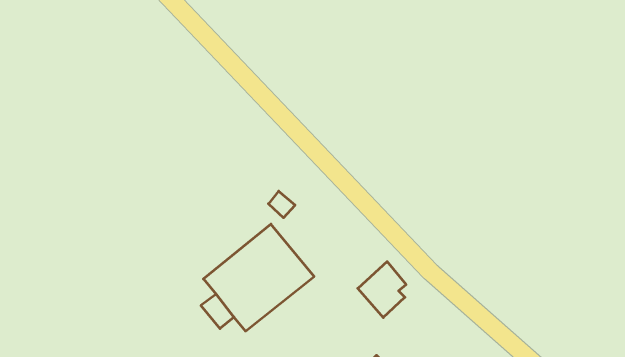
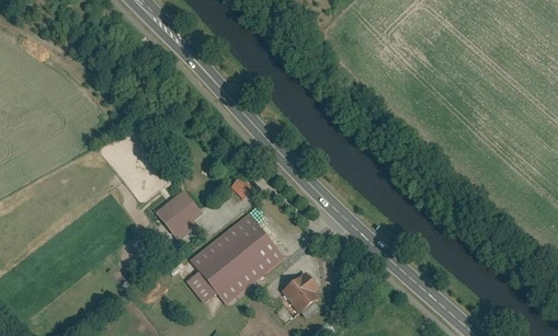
building: none -> [155,190,201,240]
building: [358,262,406,318] -> [277,269,319,317]

